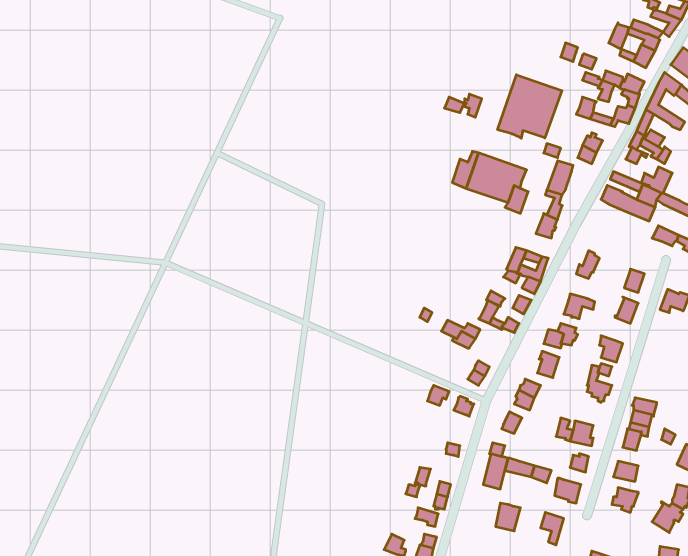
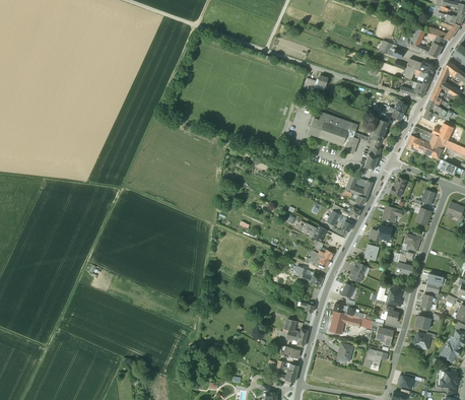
building: [498,75,562,138] -> none

